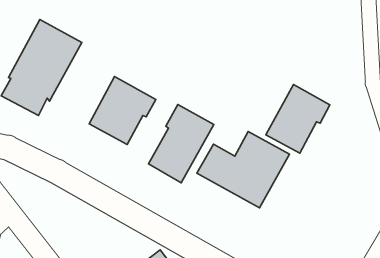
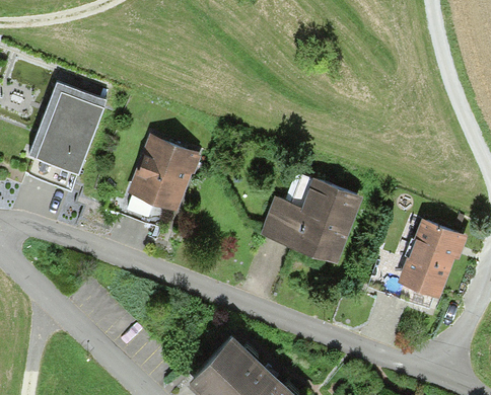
building: [266,85,330,153] -> [396,221,464,298]
building: [148,105,214,183] -> none

